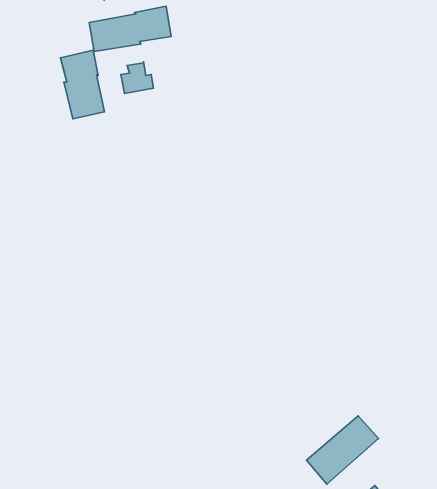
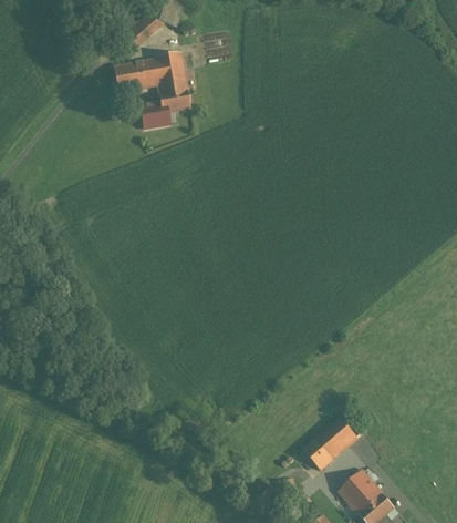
building: none -> [159,80,191,114]
building: [60,50,104,119] -> none

